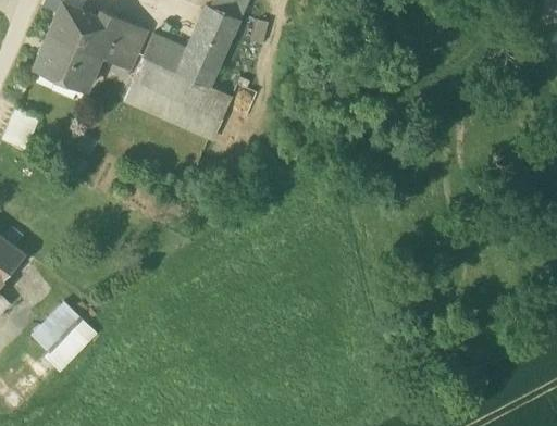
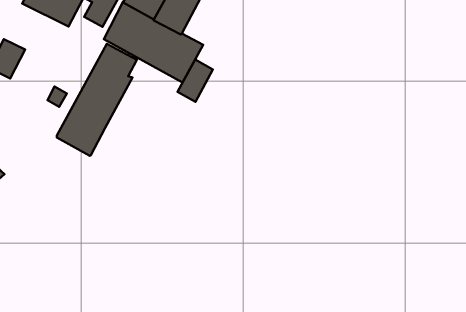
building: none -> [57,44,137,156]
building: none -> [178,60,213,102]
building: [32,300,95,368] -> none

